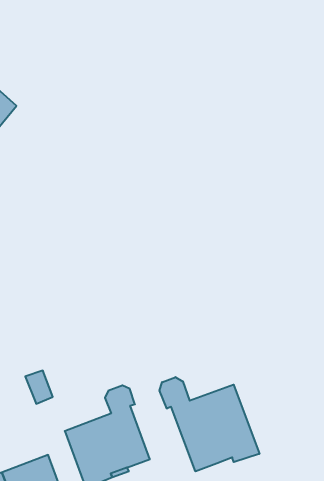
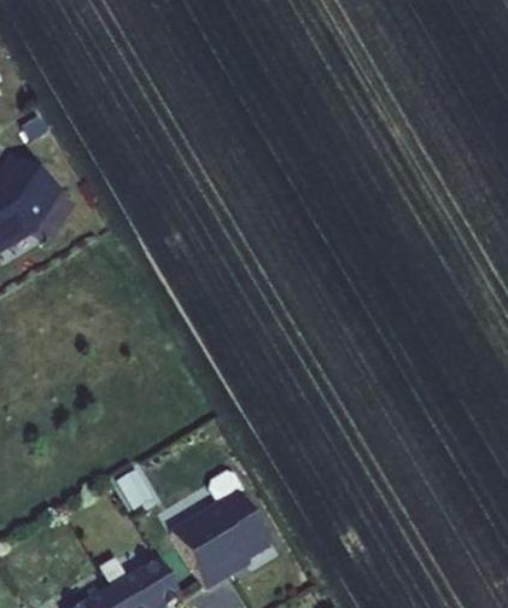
building: [160,377,259,471] -> none

